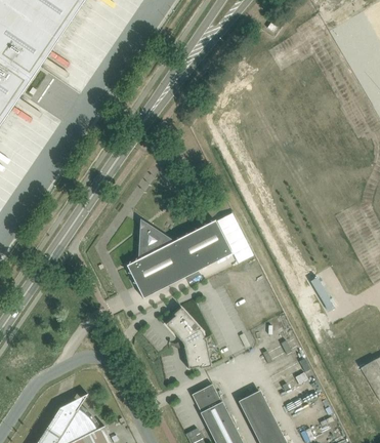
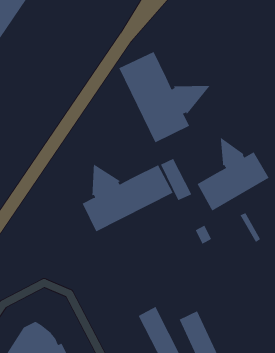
building: none -> [118,51,211,143]
building: none -> [197,136,269,211]
building: [165,307,210,368] -> none

